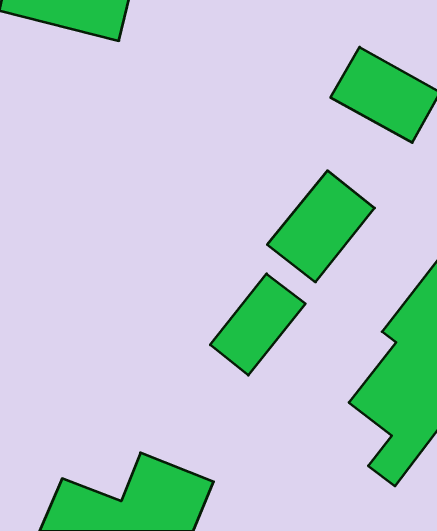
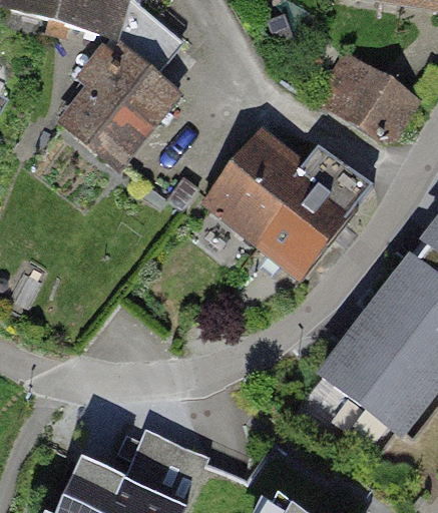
building: none -> [75,44,191,166]
building: none -> [211,130,312,234]
building: [210,274,305,375] -> none

